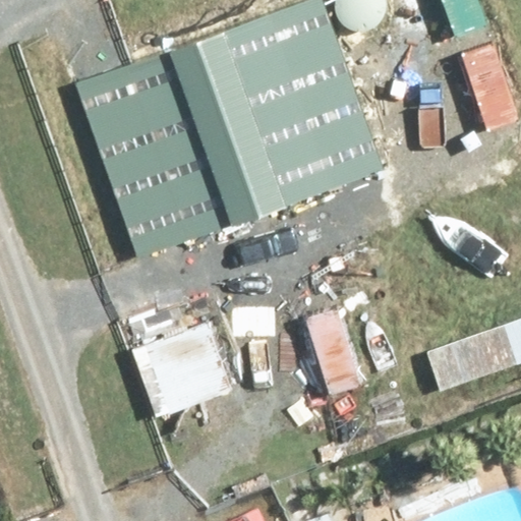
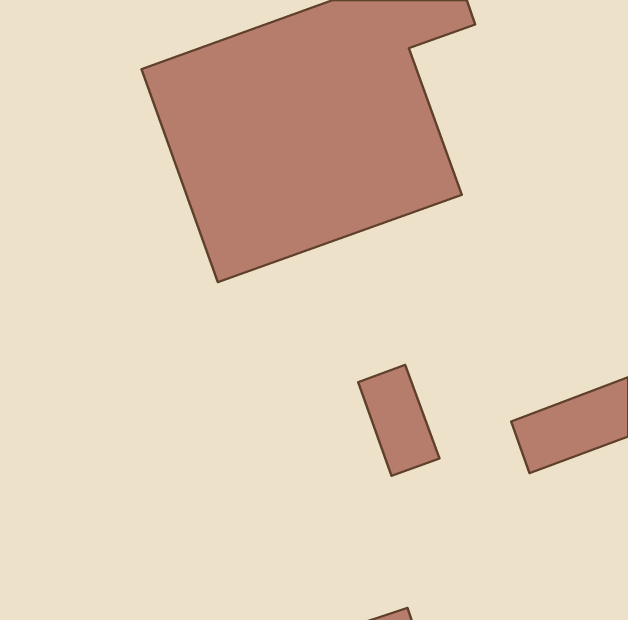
building: [121,321,230,422] -> none

